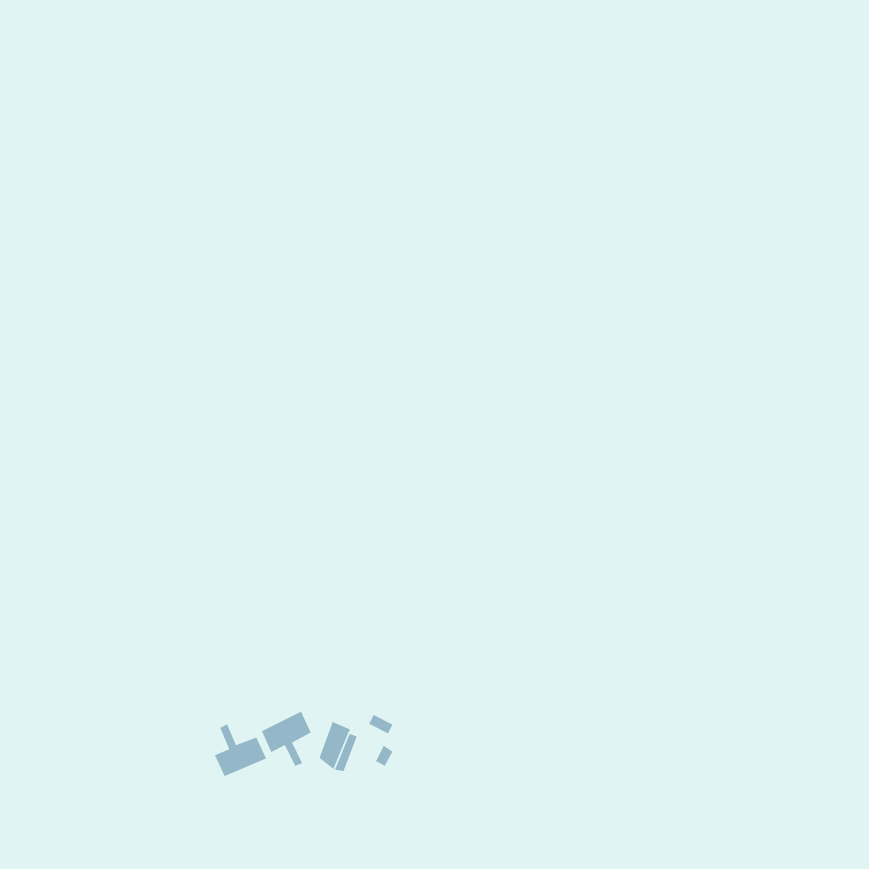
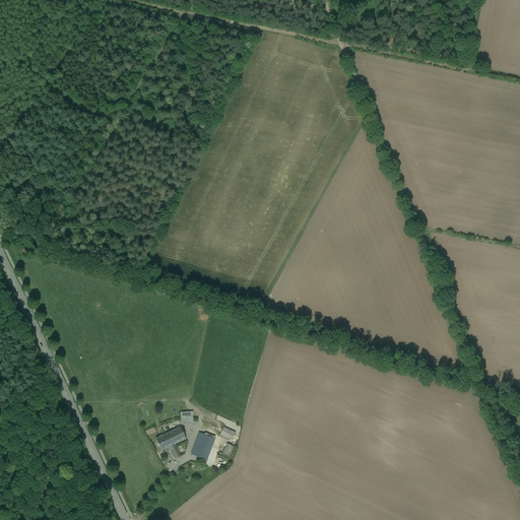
building: [214,723,267,777] -> none

